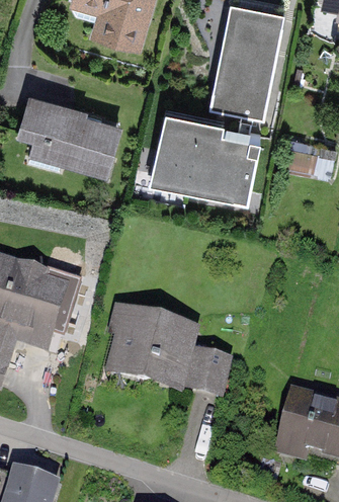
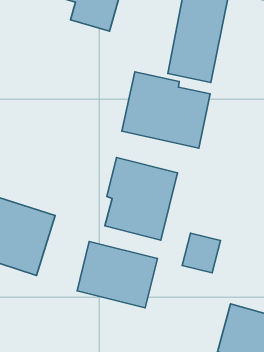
building: [11,97,120,175] -> none
building: none -> [105,158,177,240]
building: [189,347,237,397] -> [182,233,220,273]

